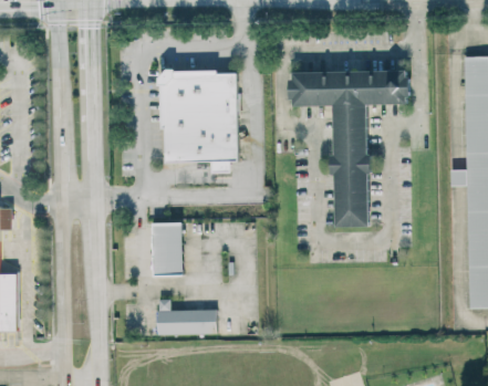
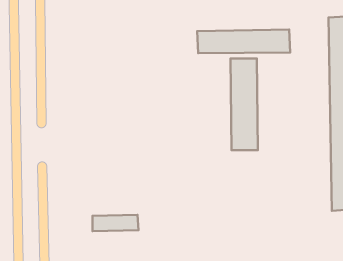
building: [164,75,242,160] -> none
building: [155,223,186,273] -> none

